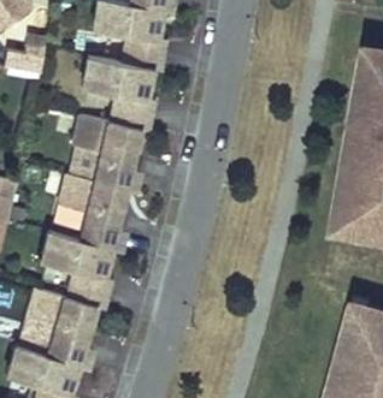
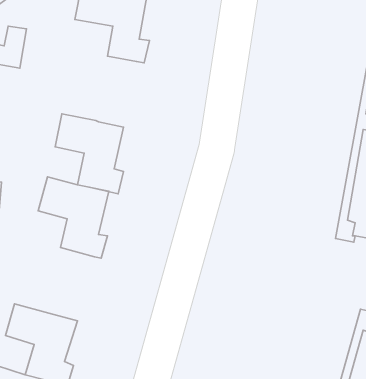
building: [79,57,147,130] -> none
building: [39,231,107,308] -> none

